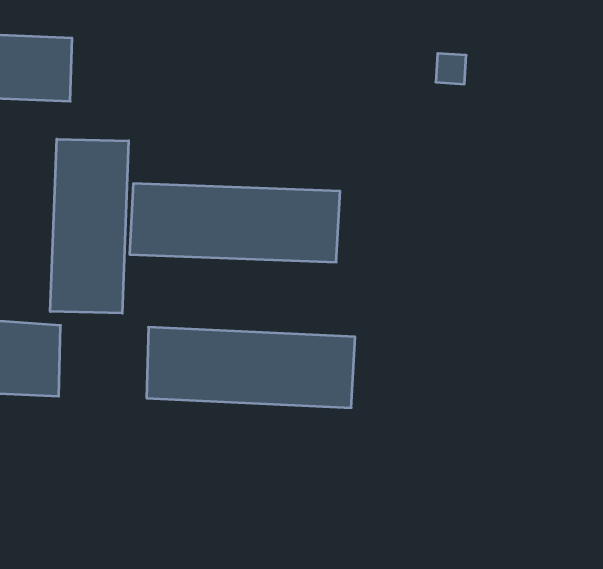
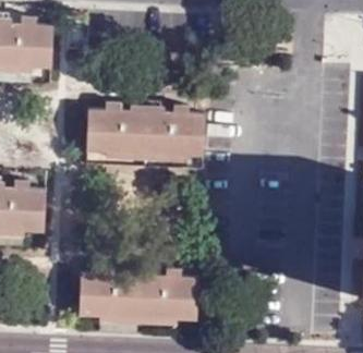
building: [50,139,129,313] -> none
building: [147,327,355,408] -> [80,273,198,319]

